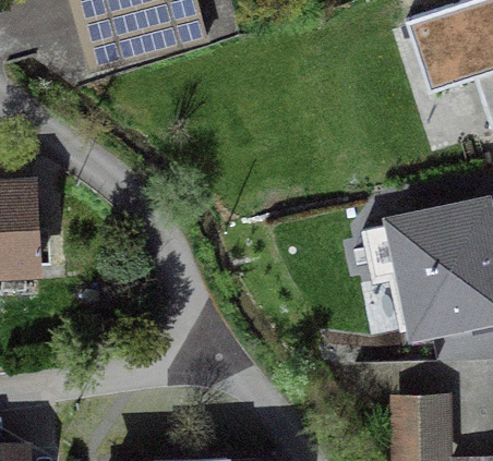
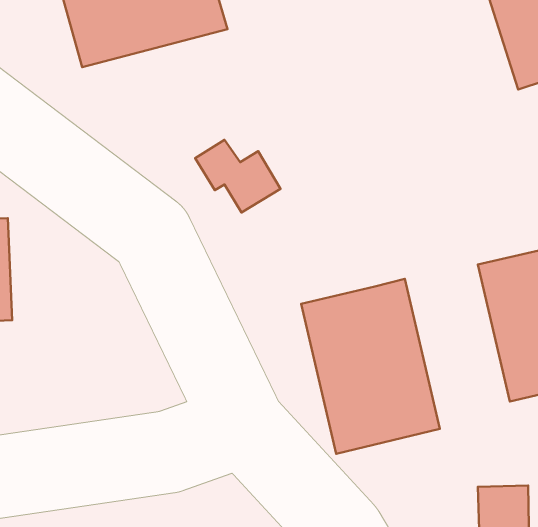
building: none -> [301,279,440,454]

